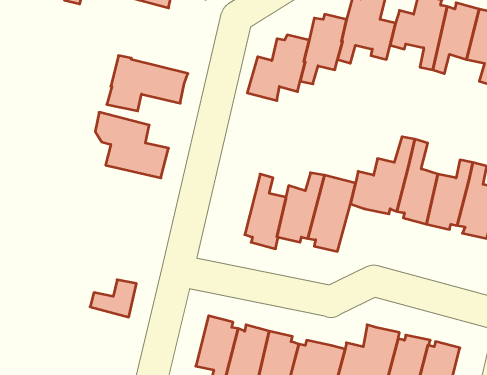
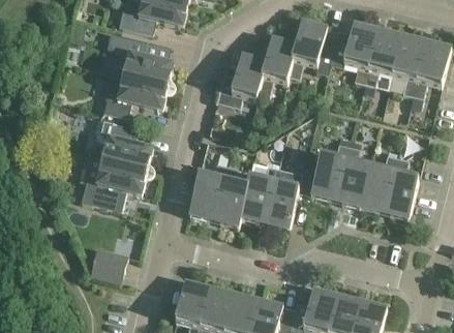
building: none -> [107,32,174,87]
building: none -> [79,156,147,211]
building: none -> [188,164,226,219]

